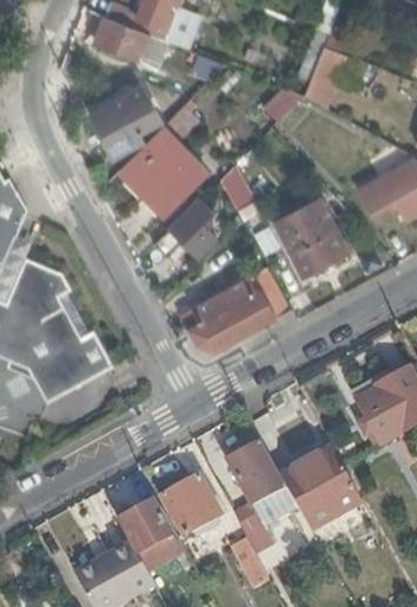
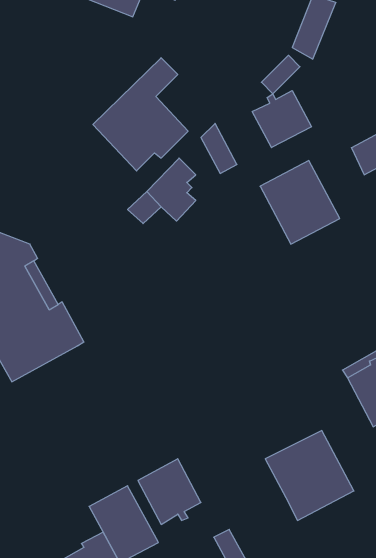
building: [90,87,161,158] -> none
building: none -> [252,91,311,148]
building: [180,268,290,353] -> none
building: [224,441,297,549] -> none

